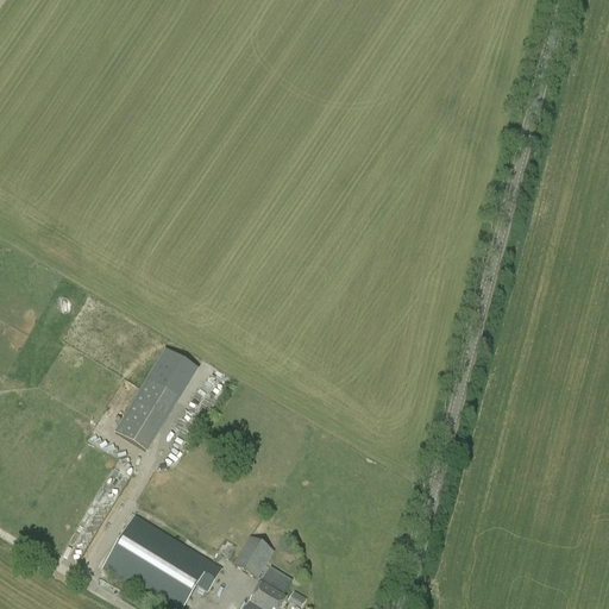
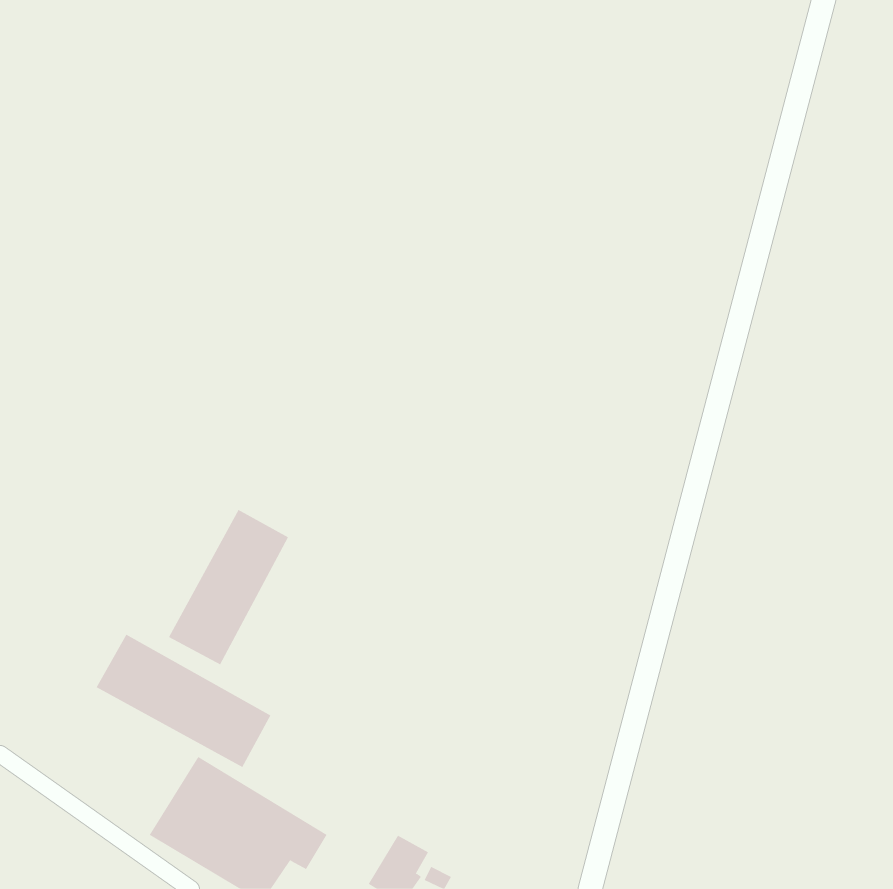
building: none -> [96,634,271,768]
building: [228,535,276,579] -> none

